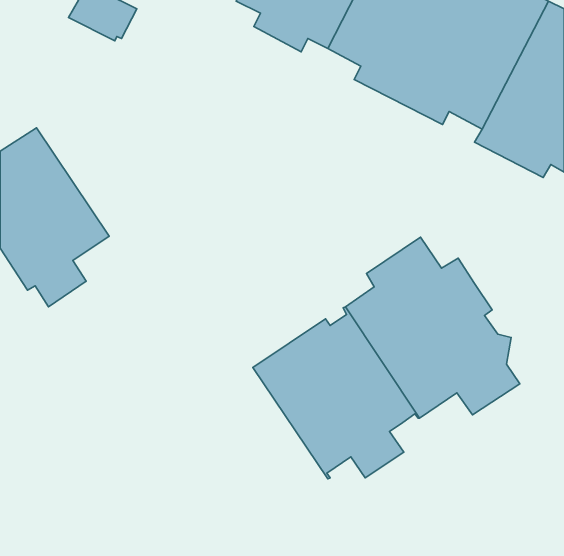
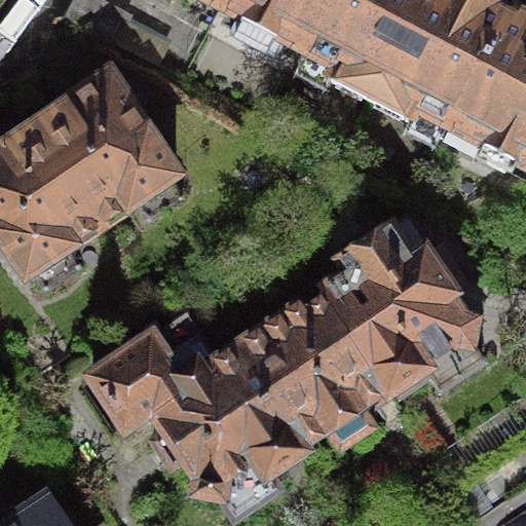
building: none -> [34,71,183,220]
building: none -> [91,307,305,513]

